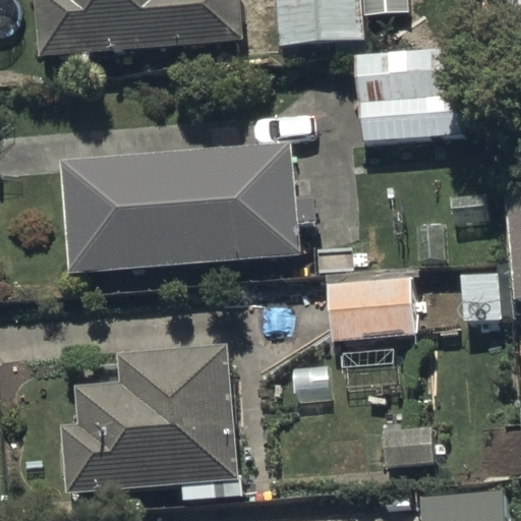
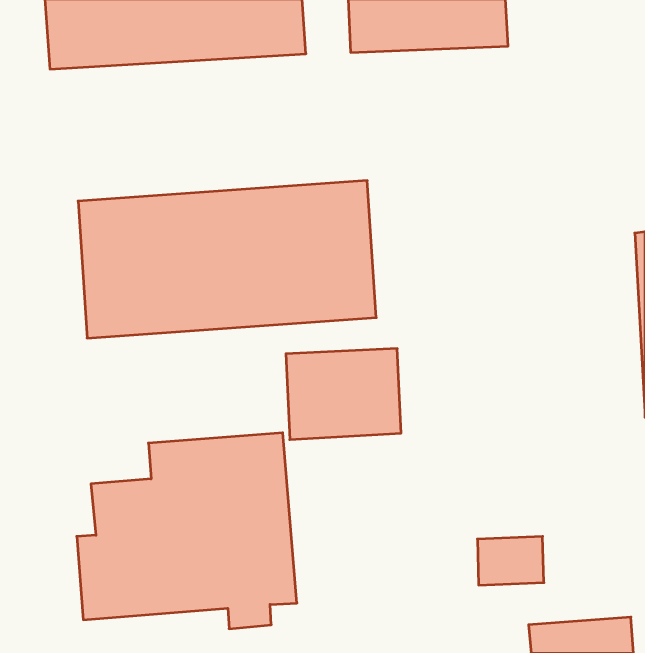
building: [357,49,463,140] -> none
building: [324,269,415,341] -> [286,349,401,440]

